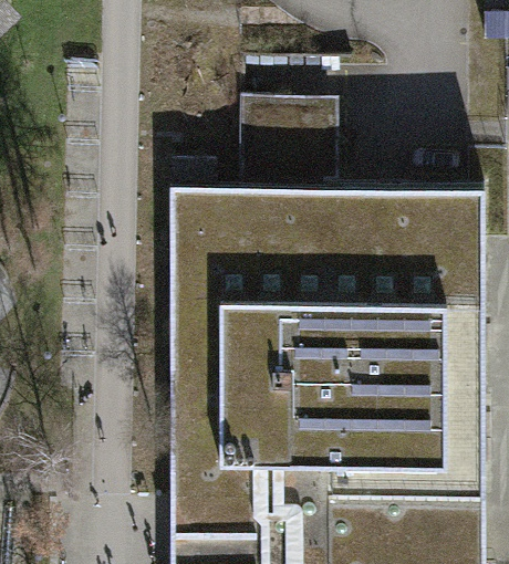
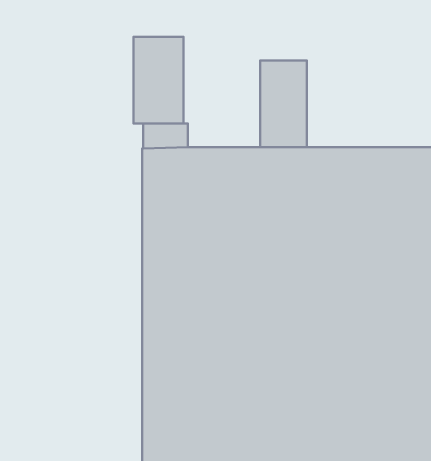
building: [240,101,291,189] -> [134,37,183,123]

